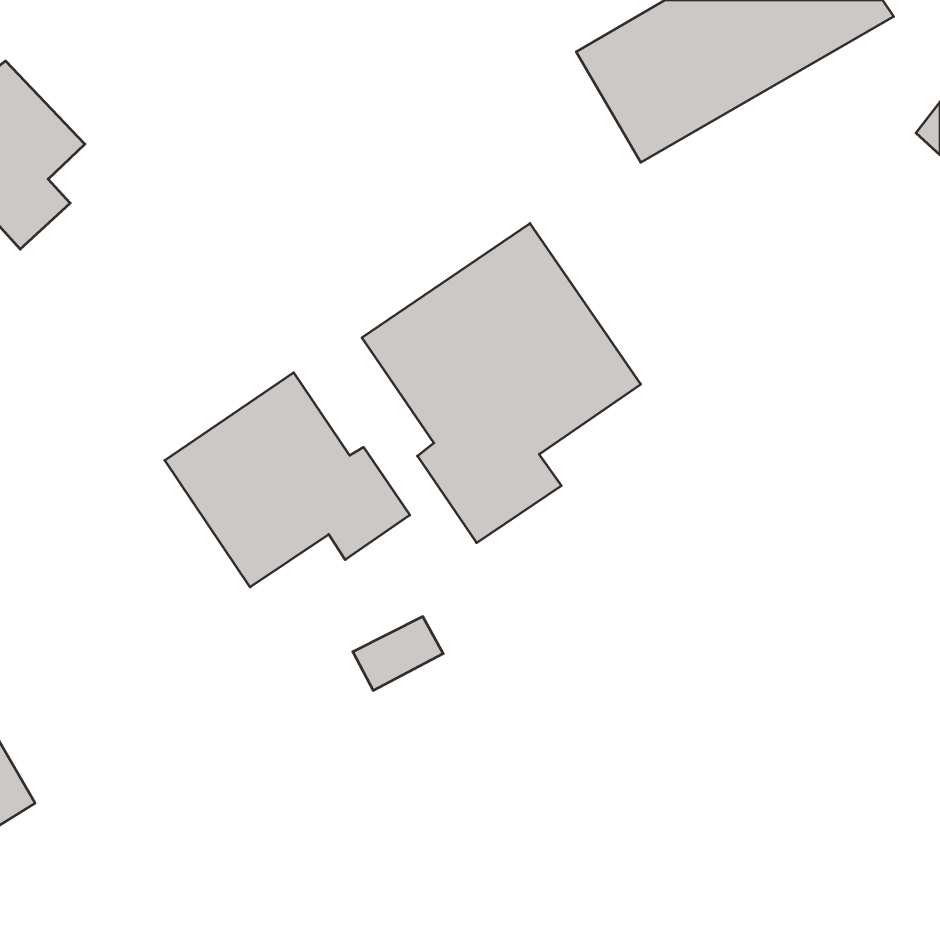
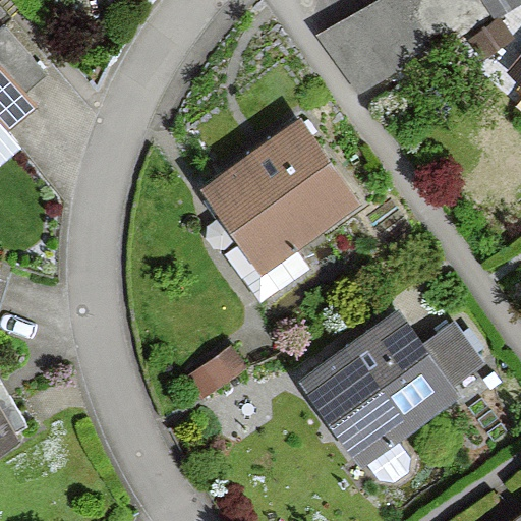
building: [165,373,410,587] -> none
building: none -> [297,302,484,461]

